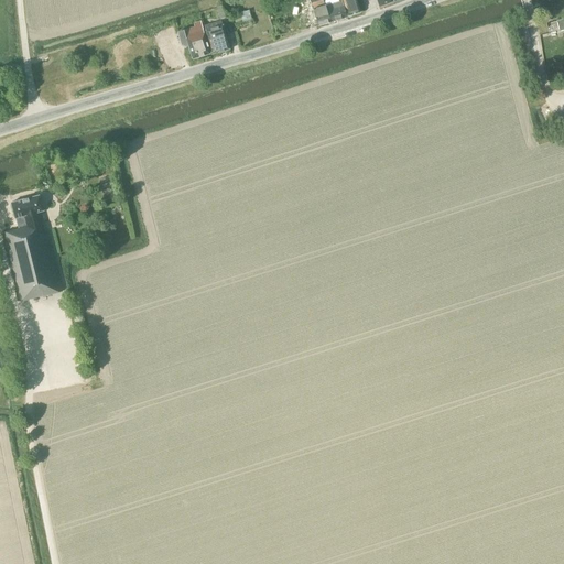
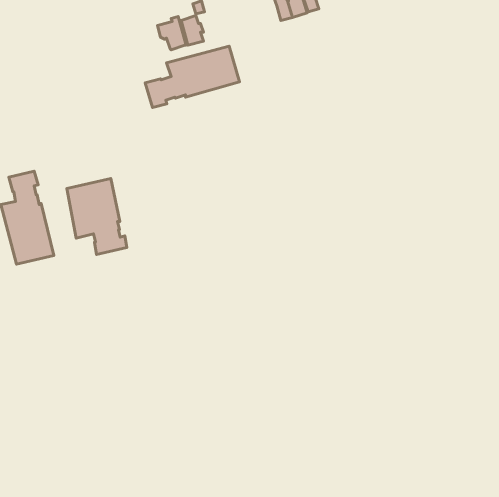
building: none -> [145,46,240,107]
building: none -> [67,179,127,254]

